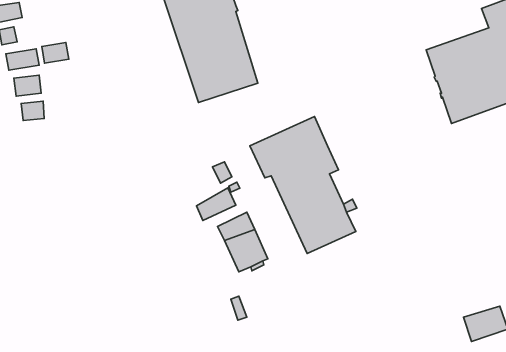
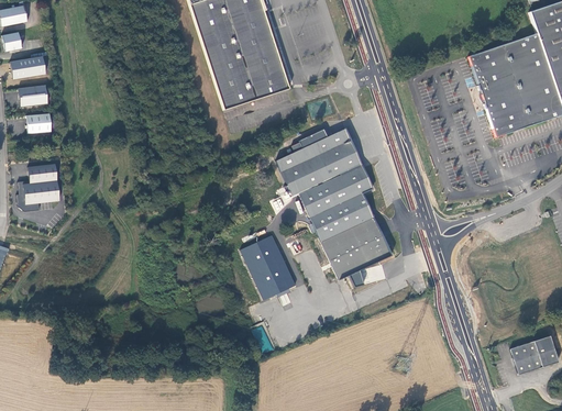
building: [42,42,69,63] -> none
building: none -> [18,163,60,211]
building: [196,188,236,221] -> none

